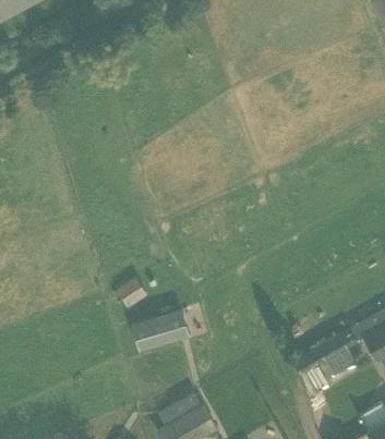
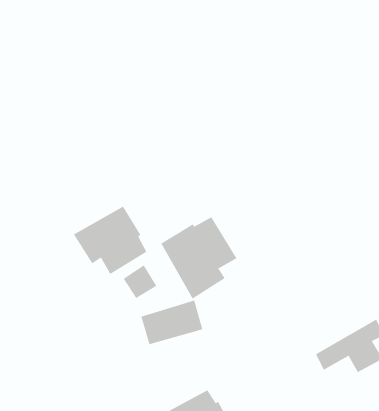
building: none -> [73,206,147,275]
building: none -> [161,217,237,299]

